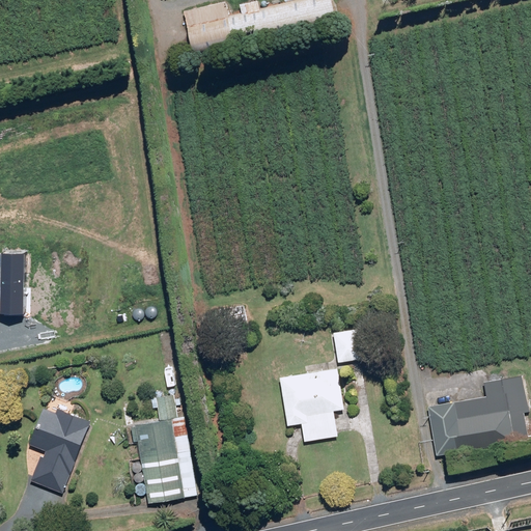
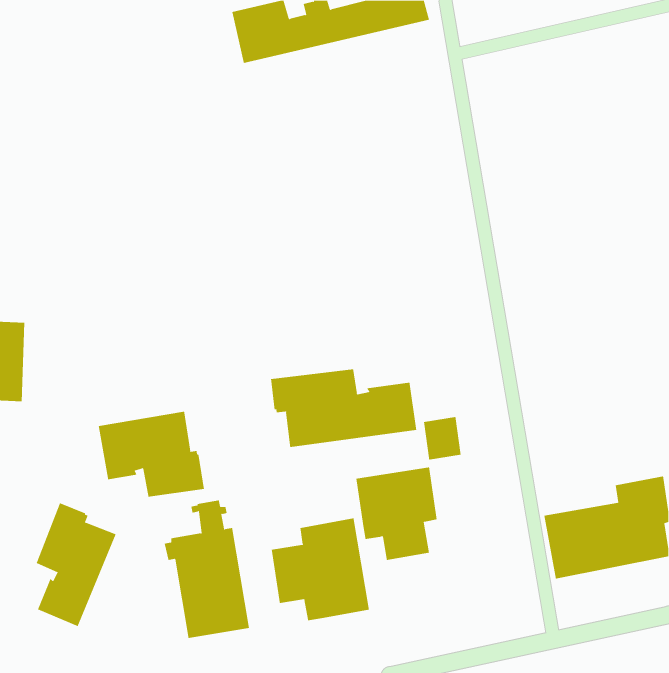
building: none -> [270,369,417,448]
building: none -> [98,411,205,497]
building: none -> [271,518,370,621]

